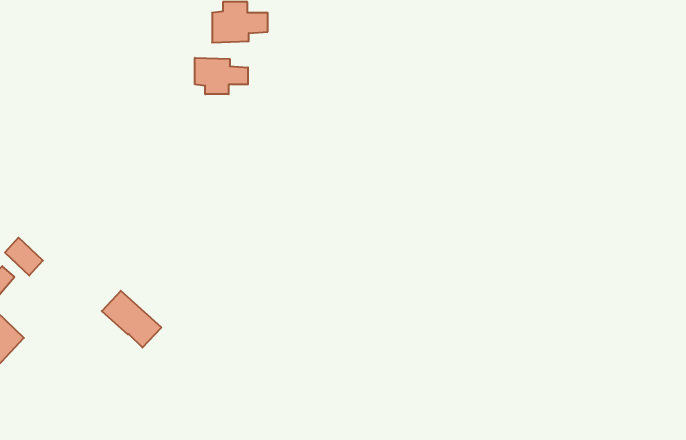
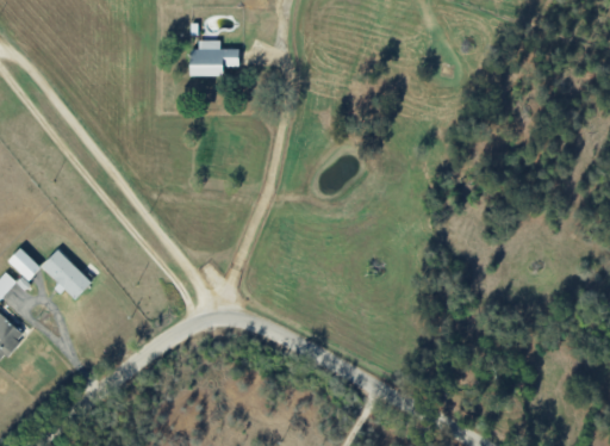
building: [195,58,248,94] -> none
building: [102,291,161,348] -> [39,249,92,299]

